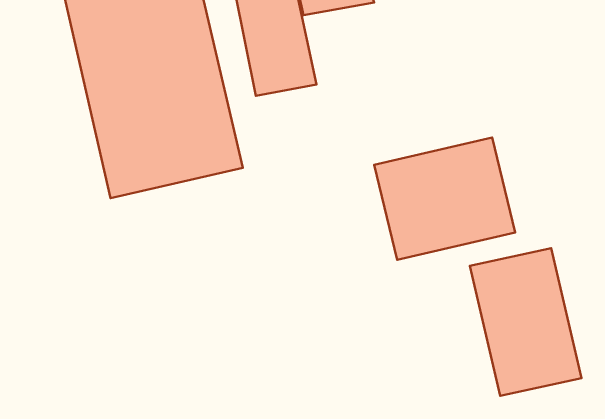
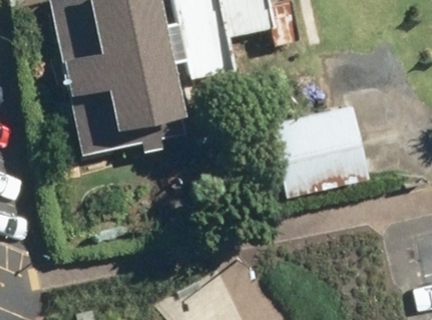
building: [470,248,581,396] -> none

